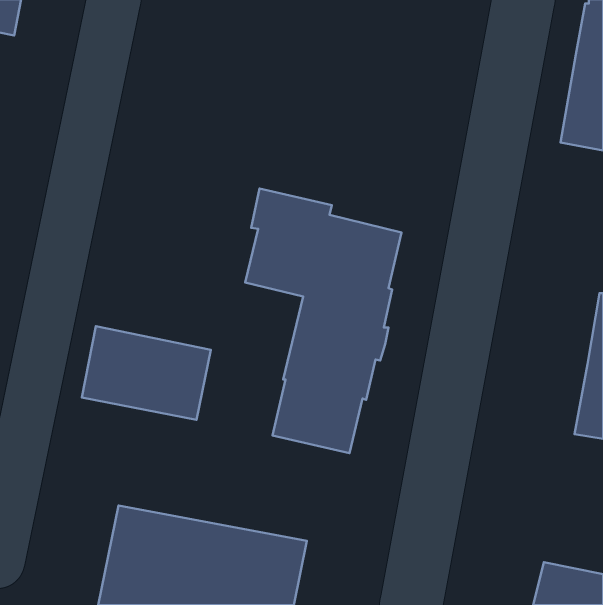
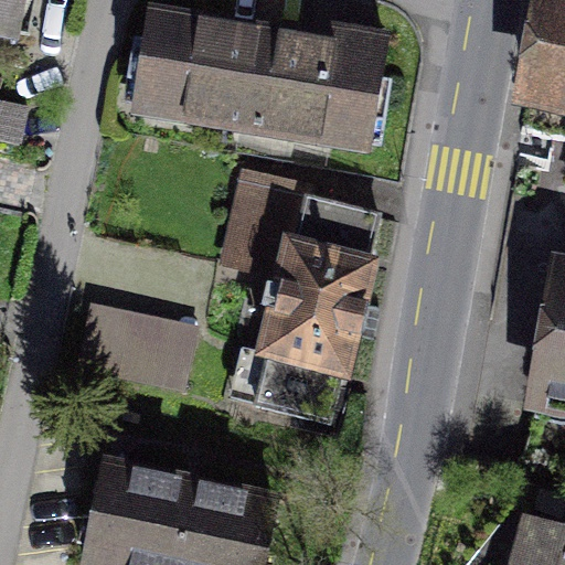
building: none -> [134,20,383,147]

